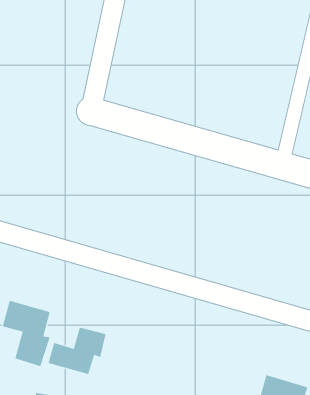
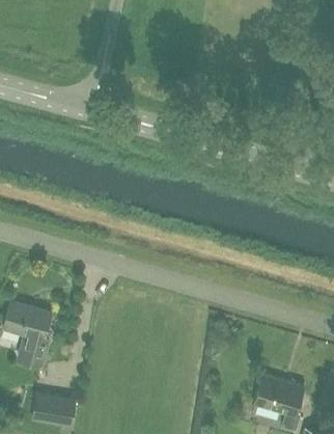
building: [48,327,106,375] -> none

